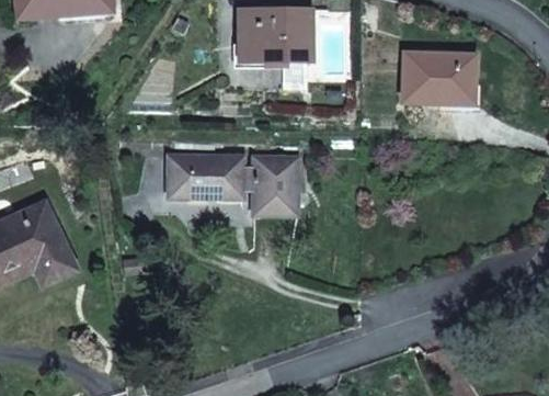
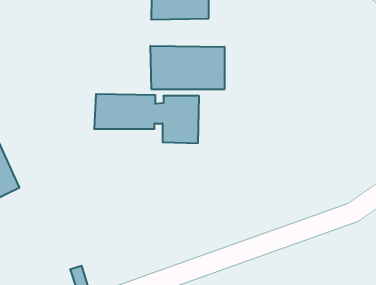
building: [403,52,474,103] -> none
building: none -> [150,46,224,89]

